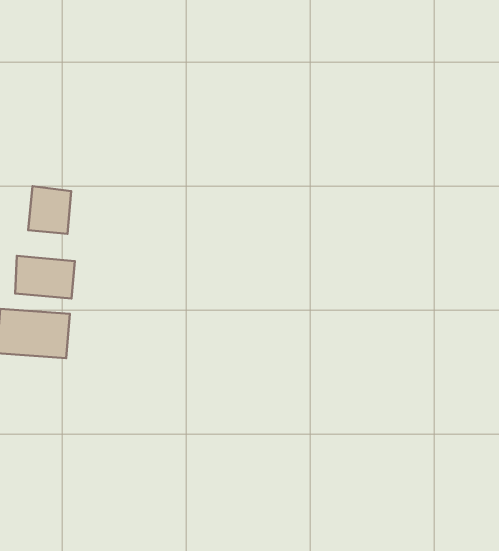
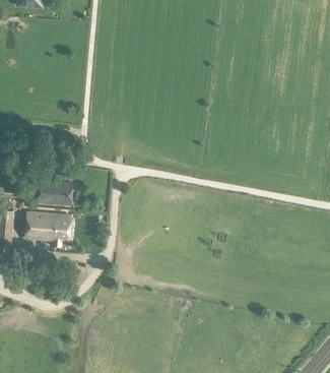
building: [28,186,71,234] -> none

